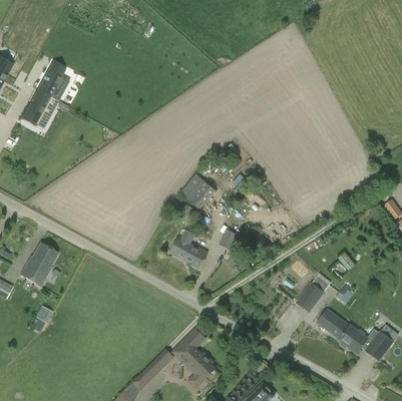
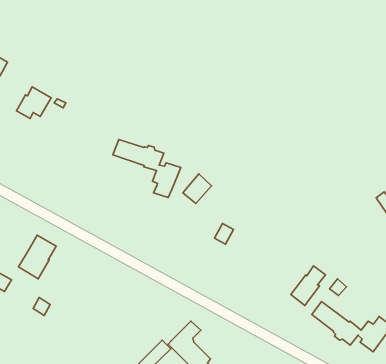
building: [35,65,65,102] -> none
building: none -> [113,140,181,197]
building: [170,229,209,269] -> none

